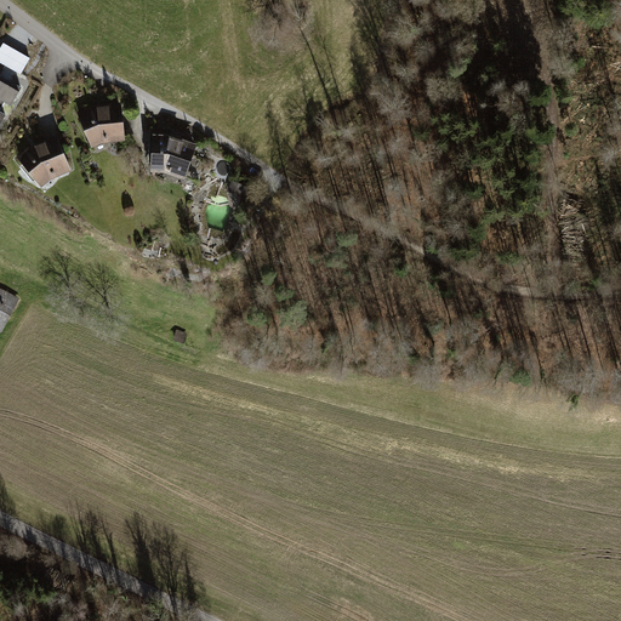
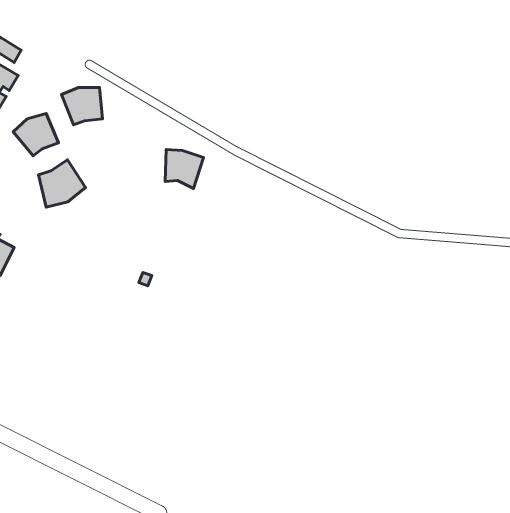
building: [149,133,195,181] -> [165,149,204,189]
building: none -> [38,160,85,207]

